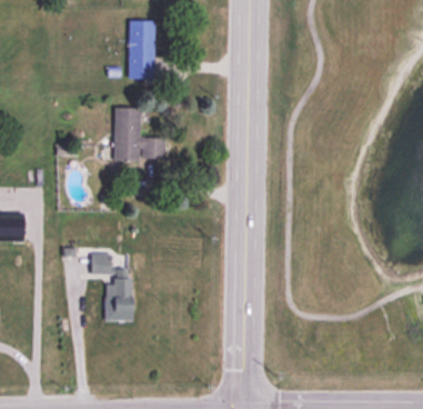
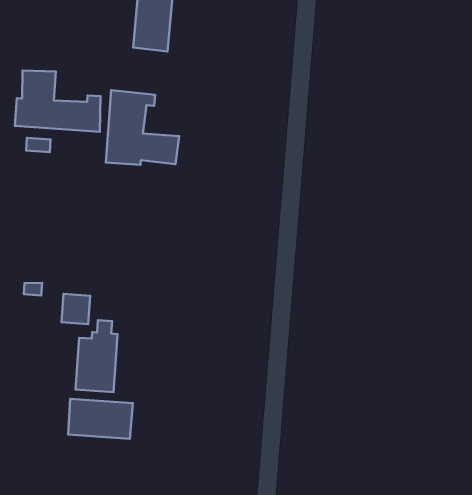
building: none -> [15,70,100,132]
building: none -> [68,399,133,439]

